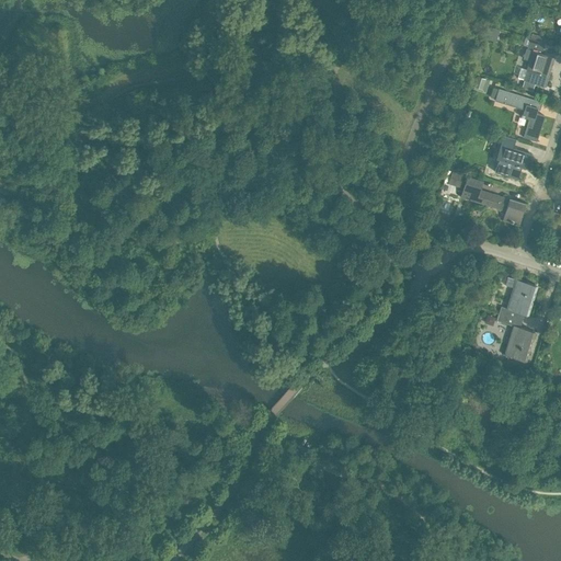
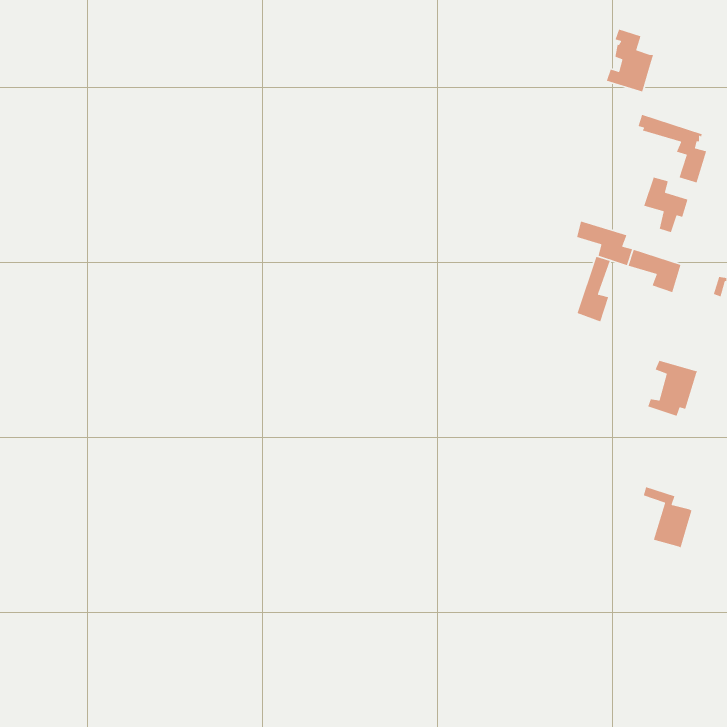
building: [517,37,554,87] -> [606,29,654,93]
building: none -> [577,256,611,323]
building: [496,313,535,362] -> [643,486,693,549]

